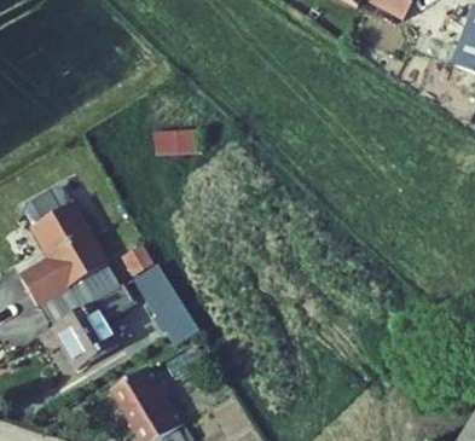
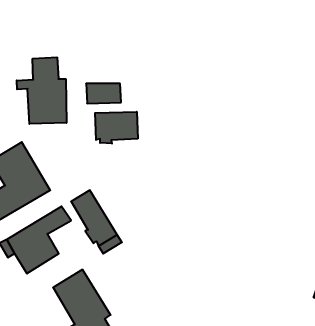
building: none -> [17,57,66,124]
building: none -> [95,112,138,144]

